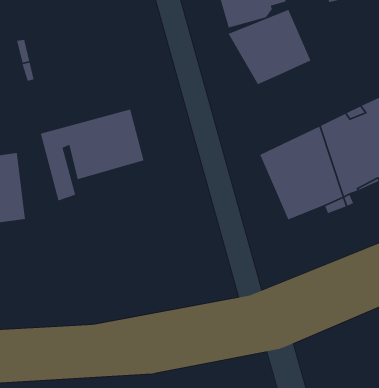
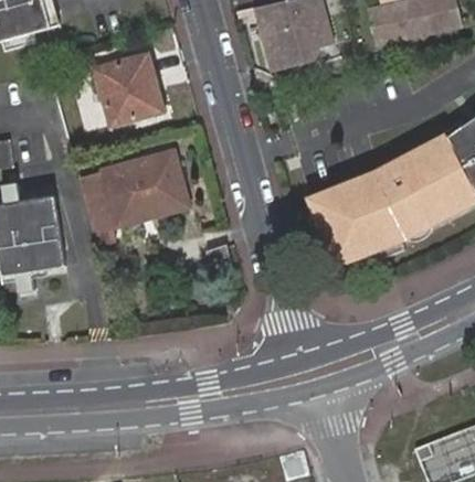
building: [227,9,312,85] -> none
building: none -> [97,55,161,124]

